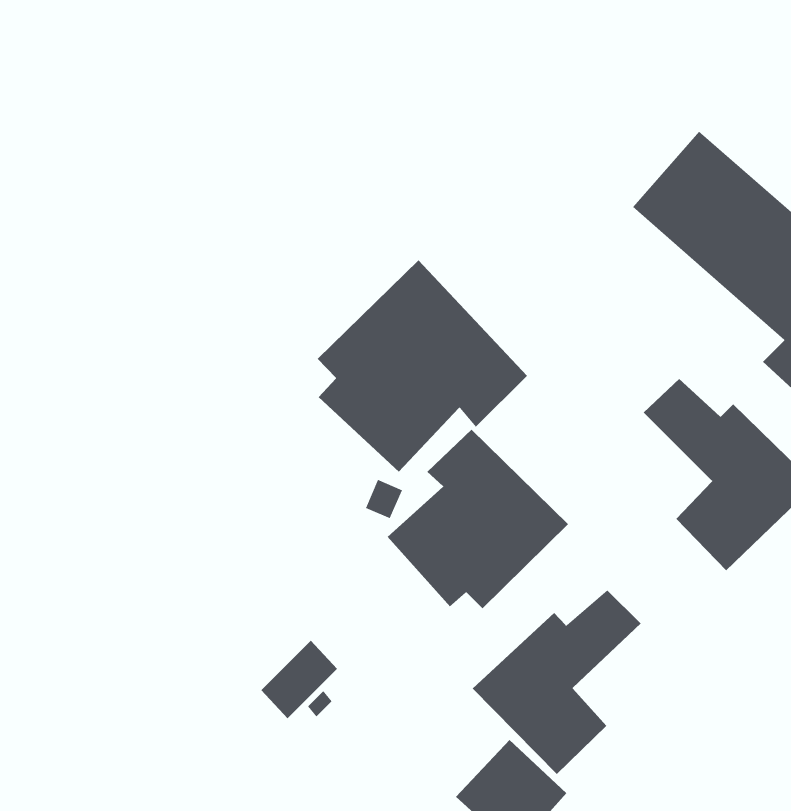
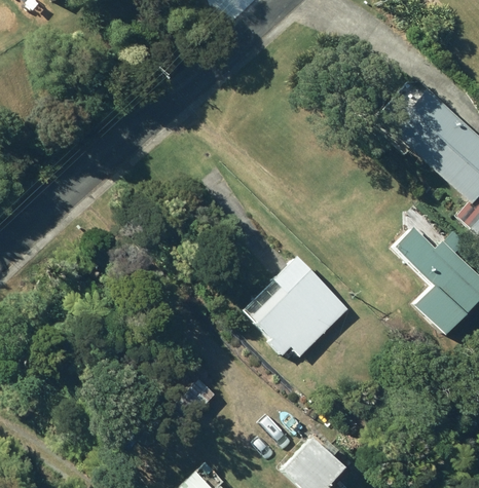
building: [317,259,528,473] -> none
building: [472,589,641,775] -> none

